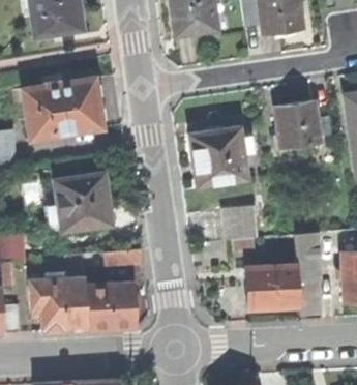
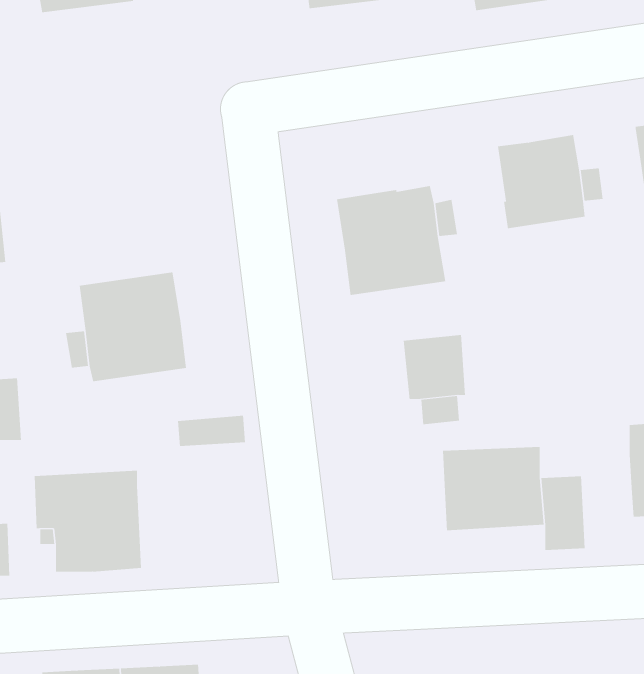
building: [22,77,102,139] -> none
building: [295,232,319,280] -> none
building: [85,283,135,328] -> none

